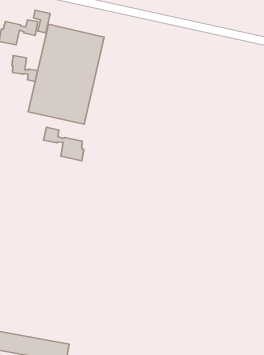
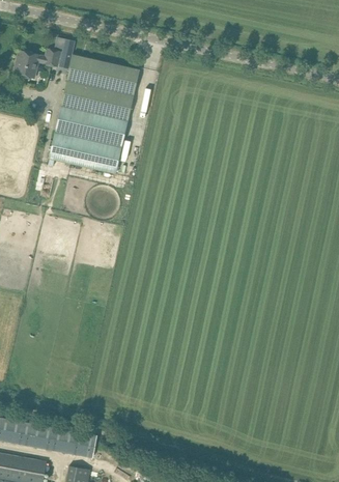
building: [12,55,37,82] -> none
building: [43,127,84,161] -> none

